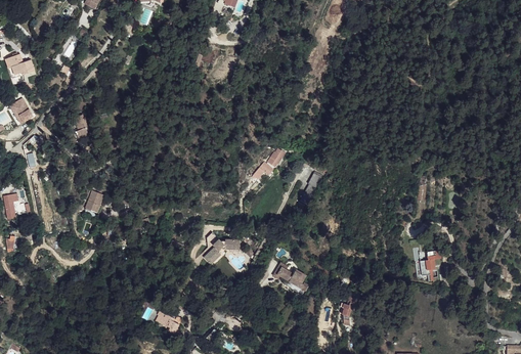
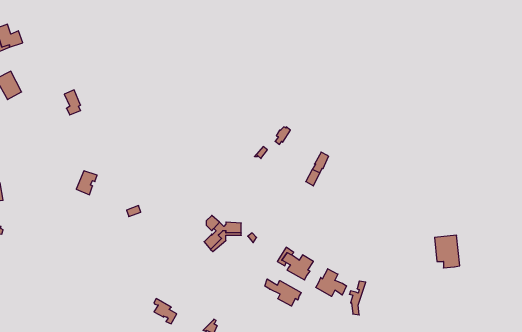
building: none -> [316,269,346,296]
building: none -> [265,279,301,306]

